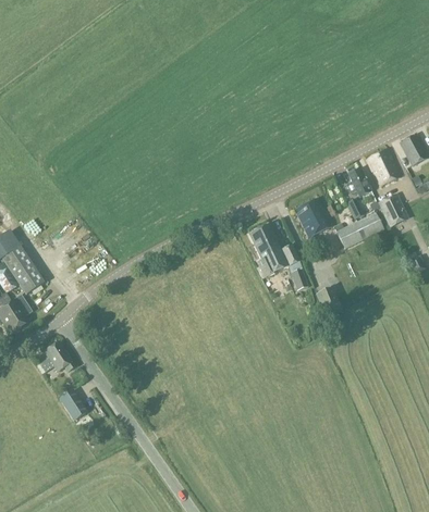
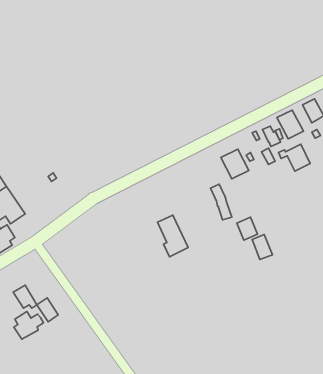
building: [332,211,382,248] -> none
building: [247,224,286,277] -> [157,215,188,257]
building: none -> [252,234,272,259]
building: [42,341,73,371] -> [13,285,37,308]
building: none -> [14,311,44,339]

